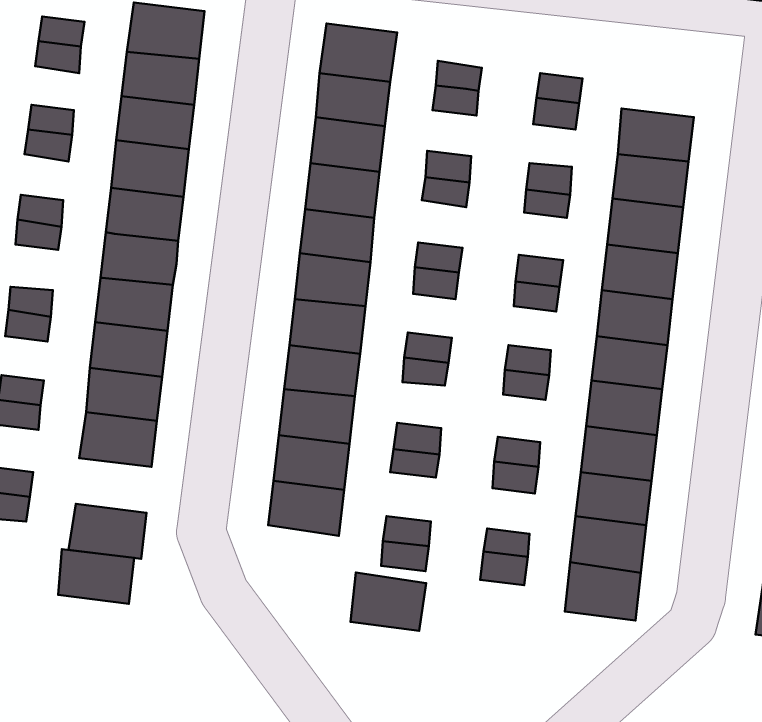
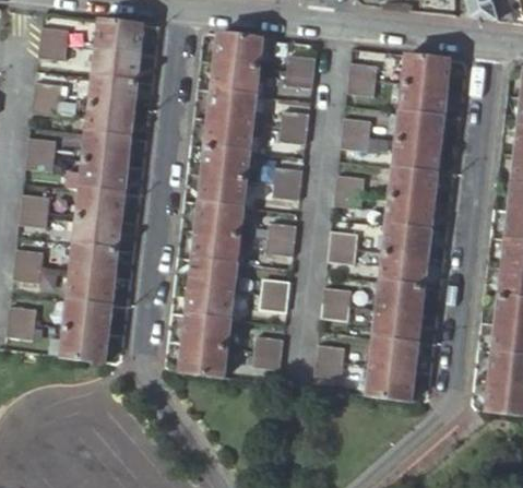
building: none -> [402,52,450,88]
building: [58,549,134,604] -> [64,299,111,333]
building: [350,572,426,631] -> [180,341,227,377]

